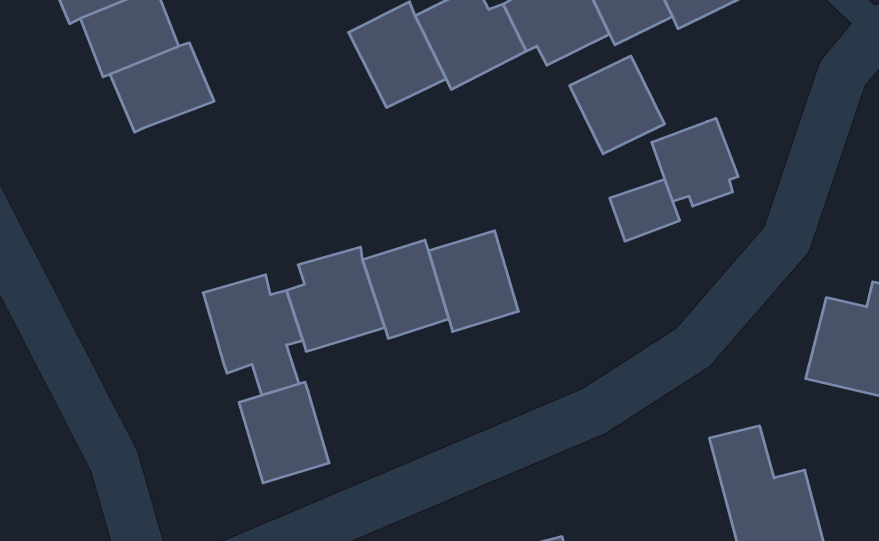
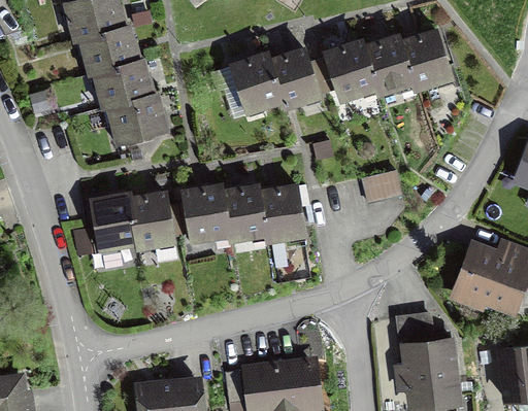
building: [570,56,664,154] -> none
building: none -> [111,94,166,142]
building: [652,118,738,206] -> none
building: [239,382,329,483] -> [92,195,137,247]

